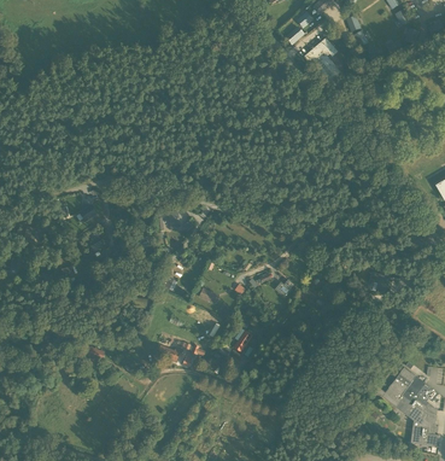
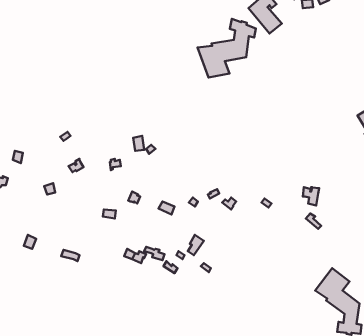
building: none -> [198,19,256,78]

